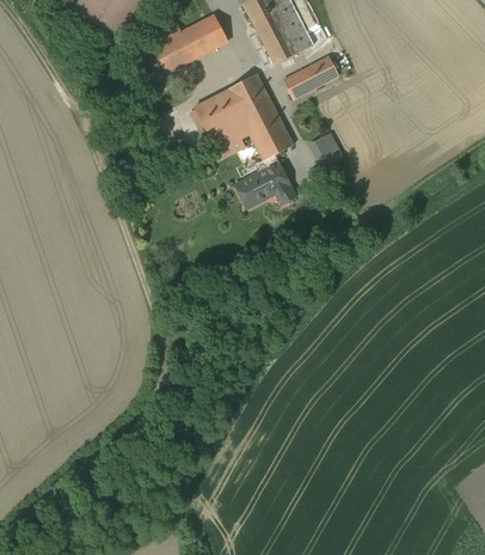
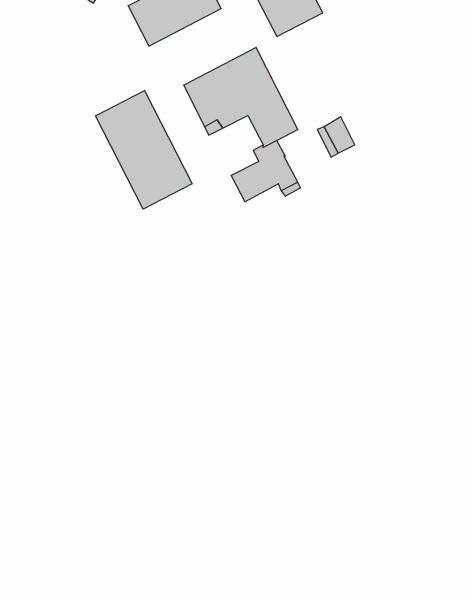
building: [283,55,339,97] -> none
building: none -> [96,91,192,209]

